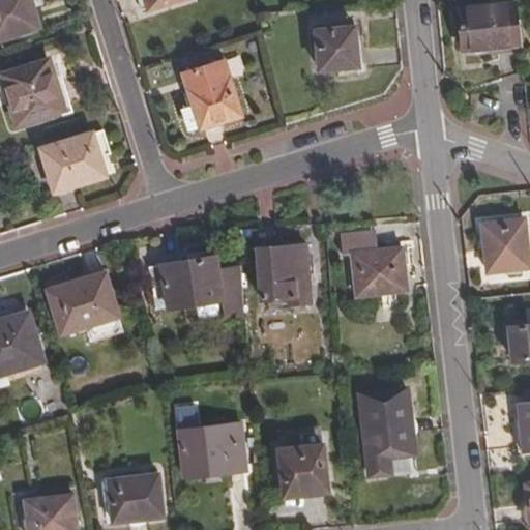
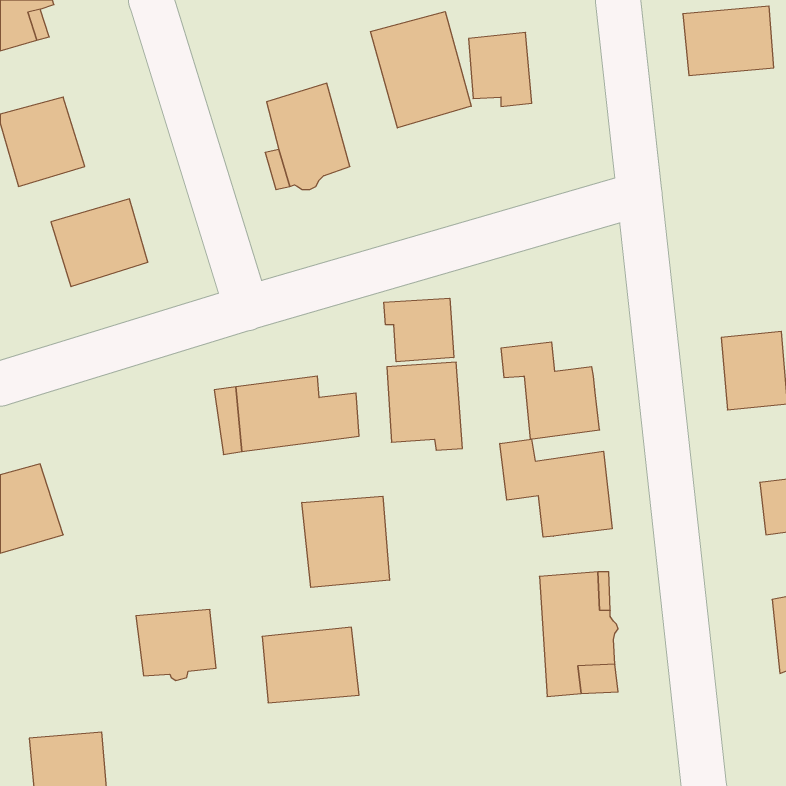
building: none -> [371,12,471,128]
building: none -> [384,298,454,362]
building: [46,276,119,342] -> none
building: none -> [500,439,612,537]
building: none -> [302,496,390,587]
building: [276,445,325,494] -> none
building: [106,474,159,522] -> [136,610,216,680]

